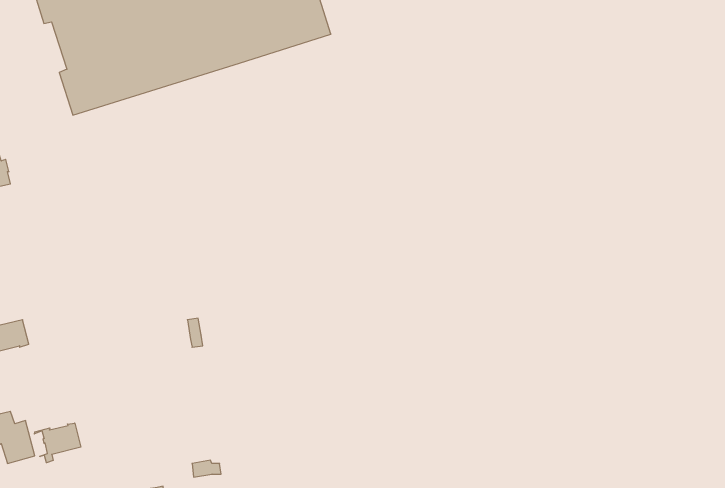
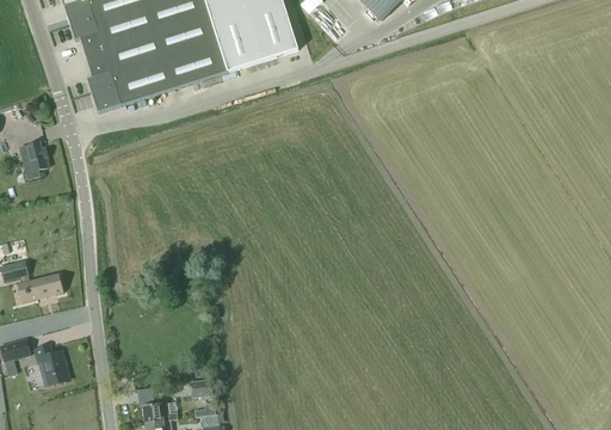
building: [34,423,81,463] -> none

